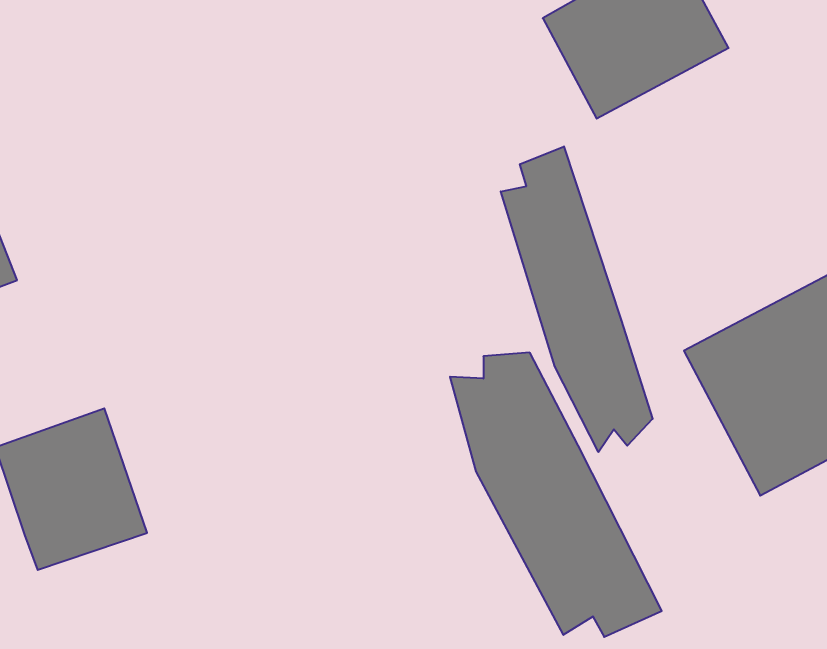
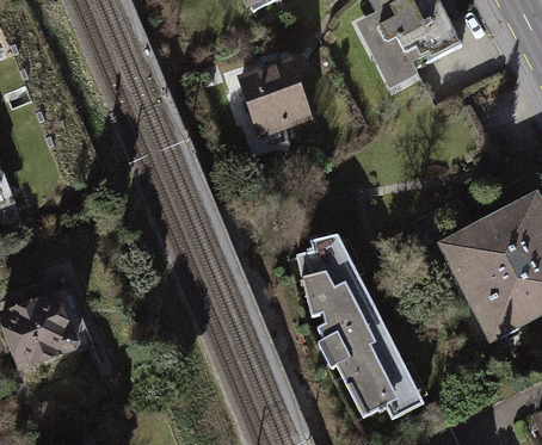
building: none -> [238,57,313,136]
building: [501,146,653,452] -> none

